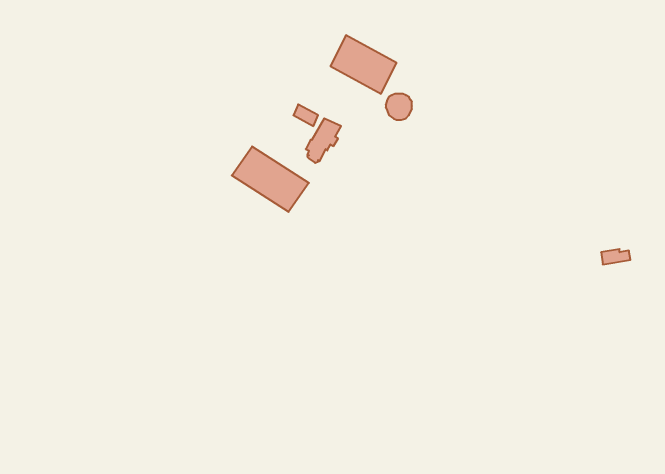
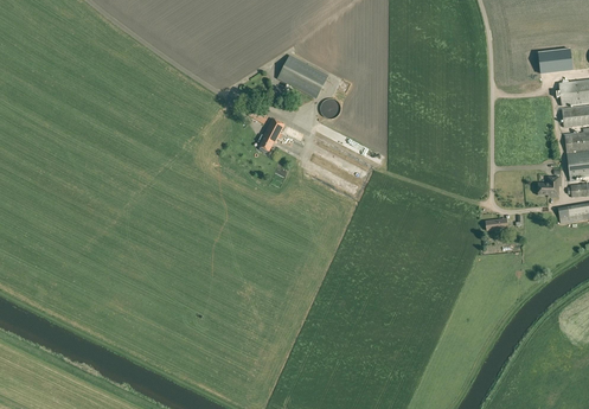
building: [232,146,309,212] -> none

